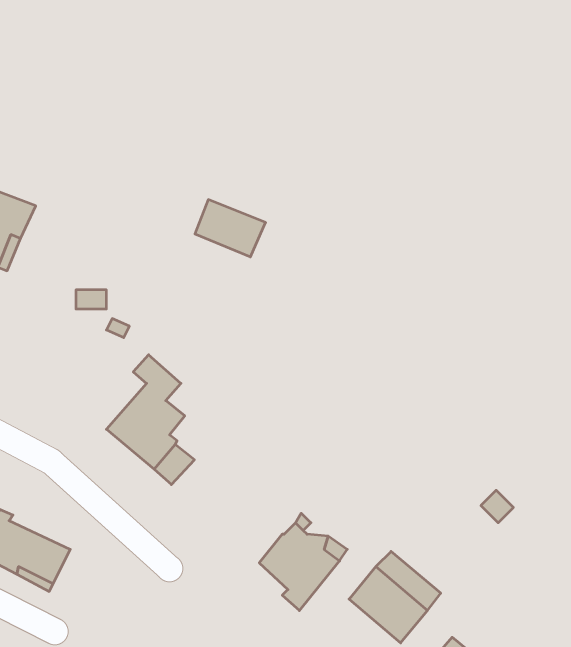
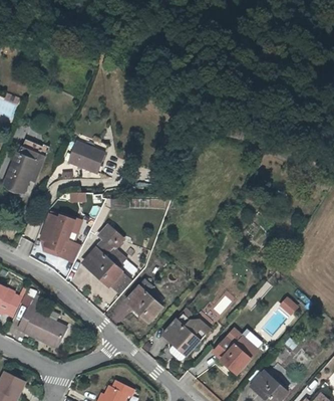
building: [195,200,266,257] -> [68,142,105,172]
building: none -> [34,209,81,260]
building: none -> [125,287,162,324]

